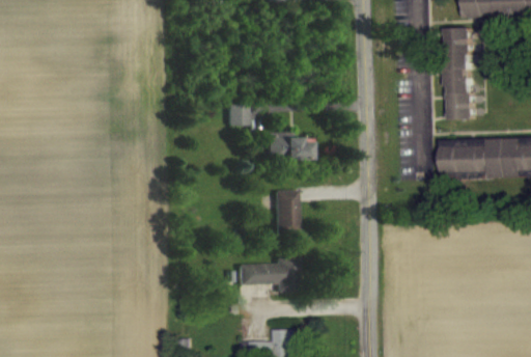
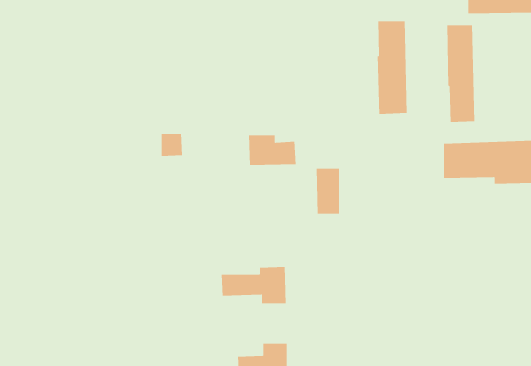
building: none -> [377,21,407,115]
building: [224,104,245,126] -> [161,134,183,157]
building: [271,190,294,234] -> [316,168,340,214]

